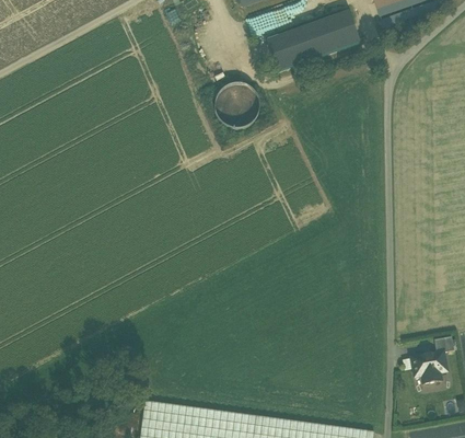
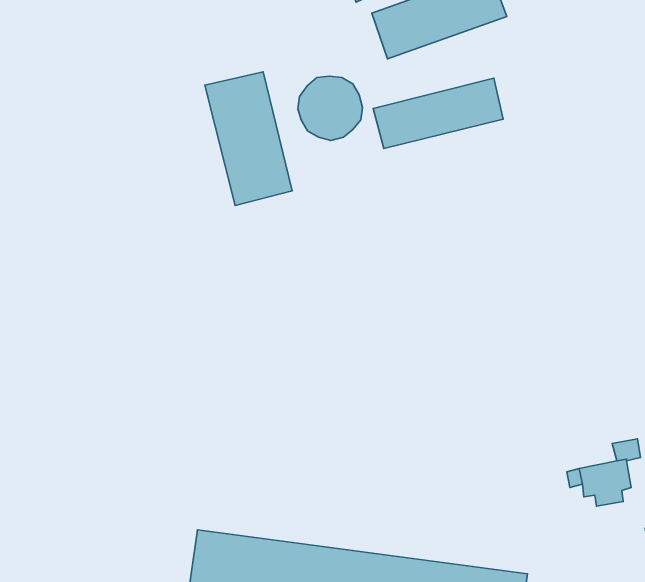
building: none -> [205,72,292,206]
building: none -> [373,78,503,148]

